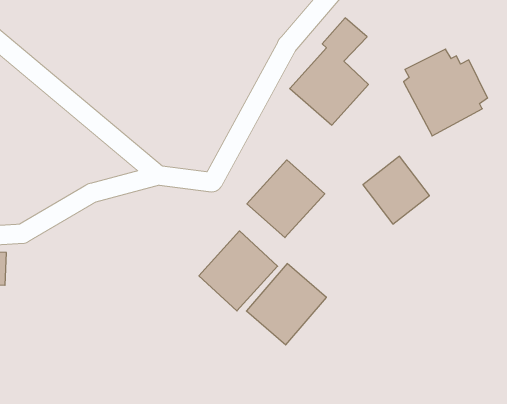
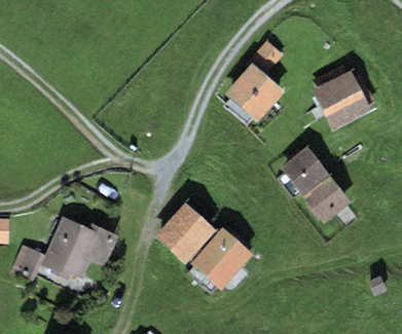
building: [247,160,325,238] -> none
building: none -> [302,176,351,223]
building: none -> [10,217,119,283]

